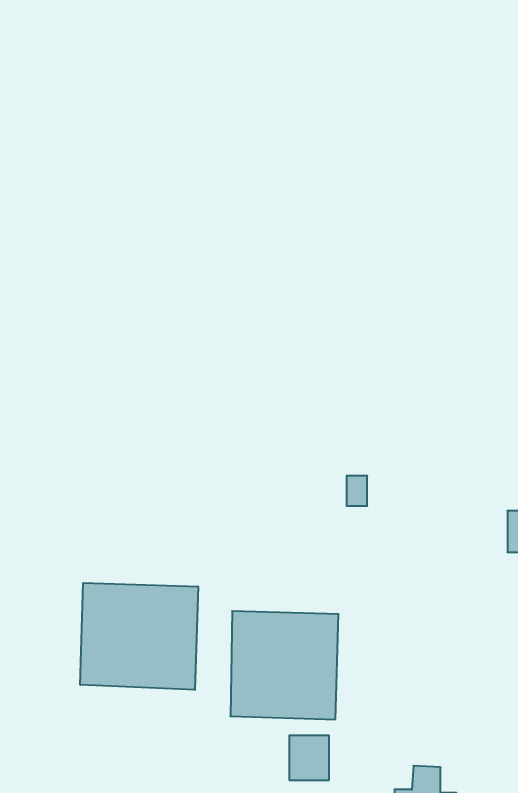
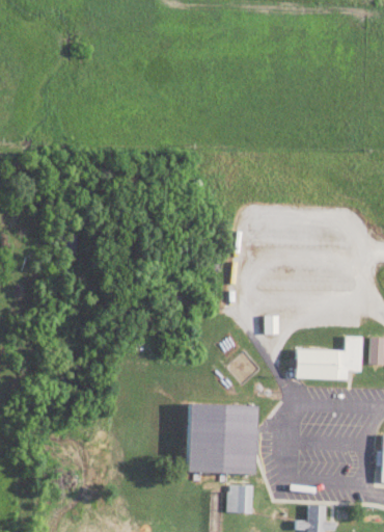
building: none -> [295,336,362,380]
building: [80,583,198,690] -> none

